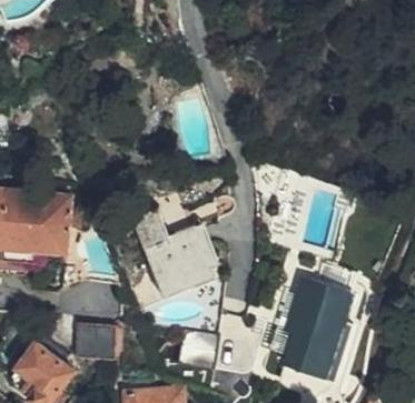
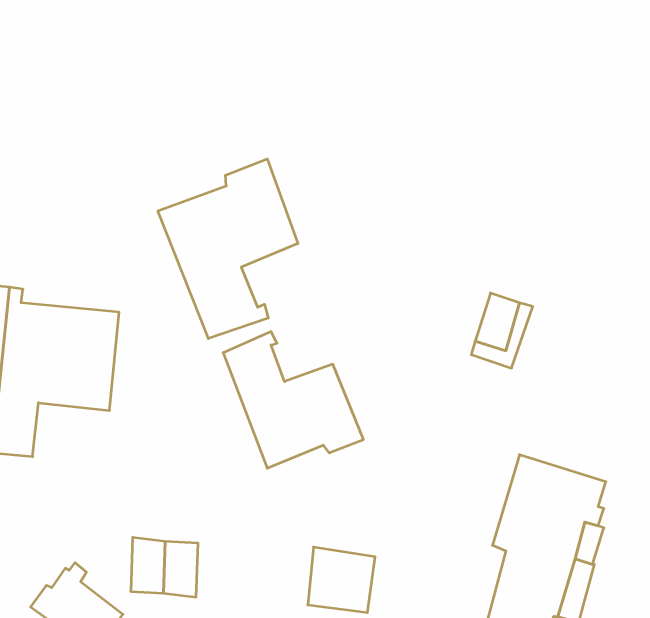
building: none -> [158,159,298,339]

